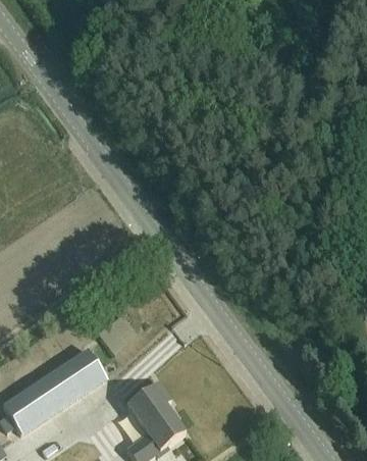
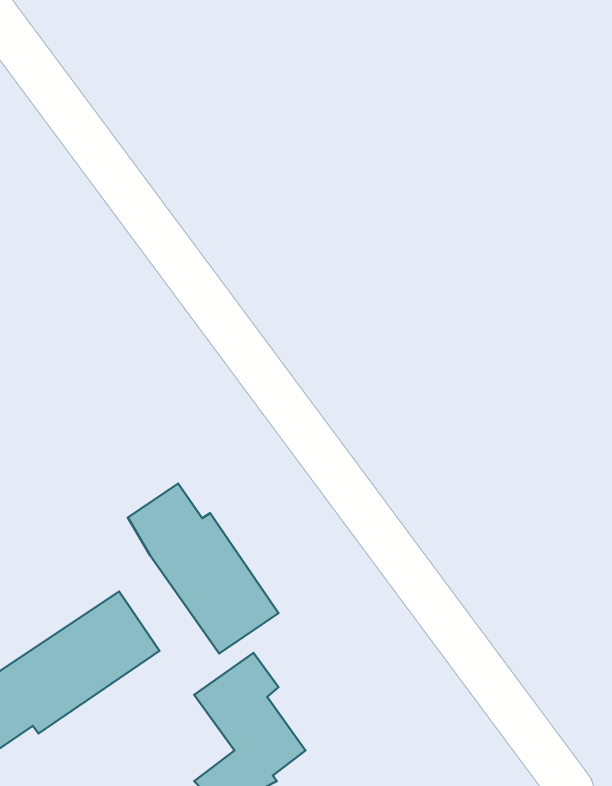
building: none -> [128,483,278,654]

